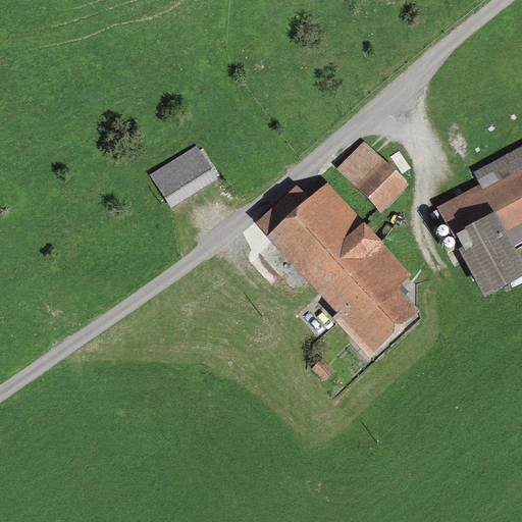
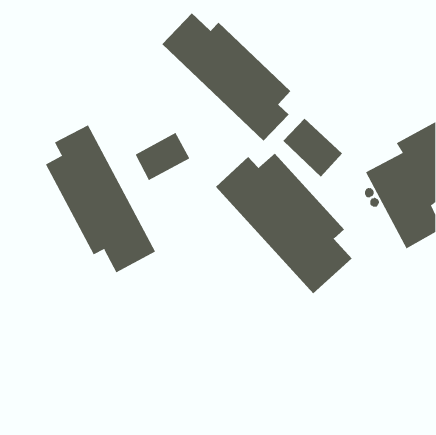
building: none -> [161,12,291,142]
building: none -> [45,124,156,273]

